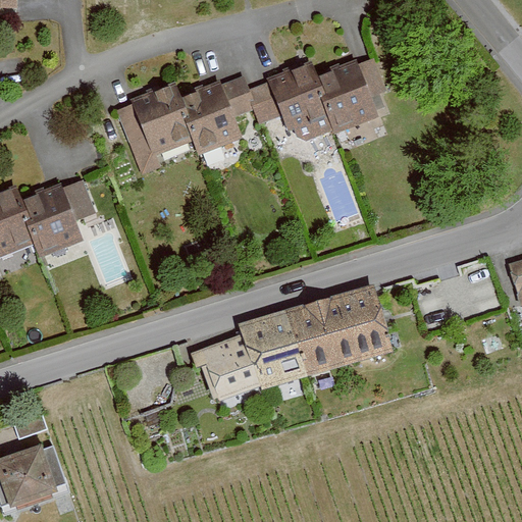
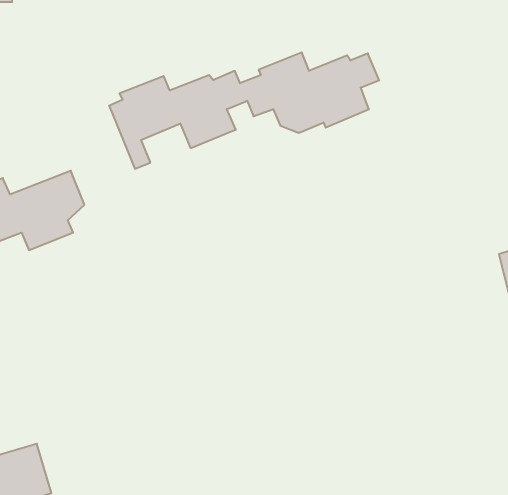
building: [188,281,389,397] -> none

